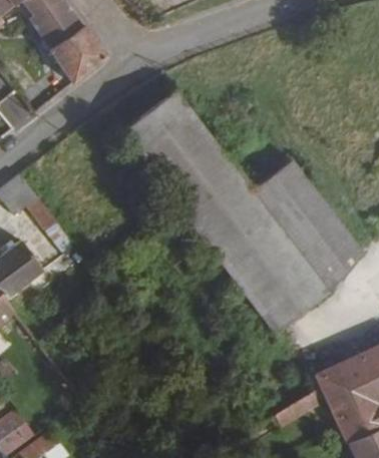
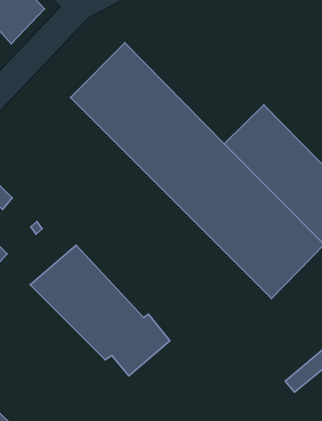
building: none -> [30,245,170,376]

